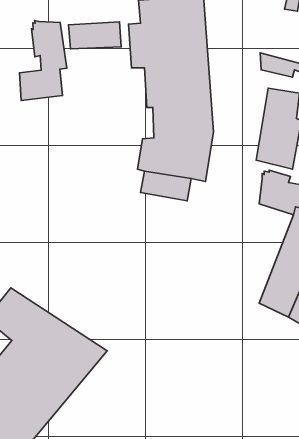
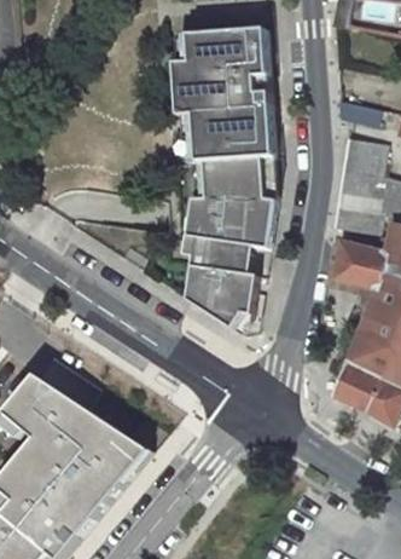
building: [20,21,67,101] -> none
building: [69,22,121,49] -> none
building: none -> [185,261,256,327]

